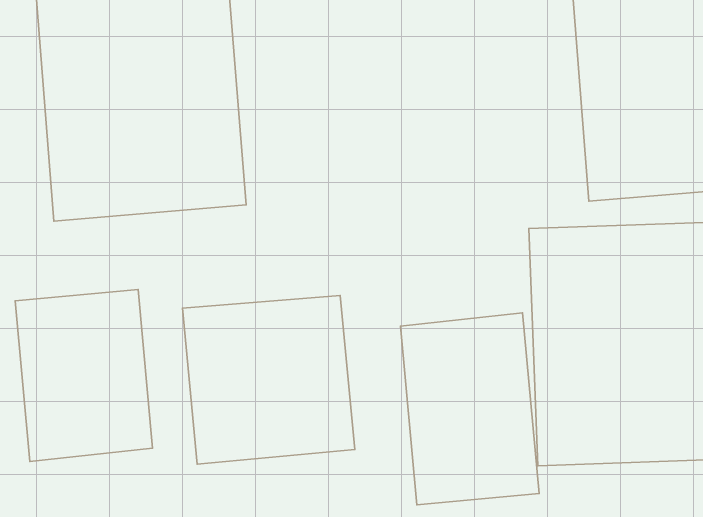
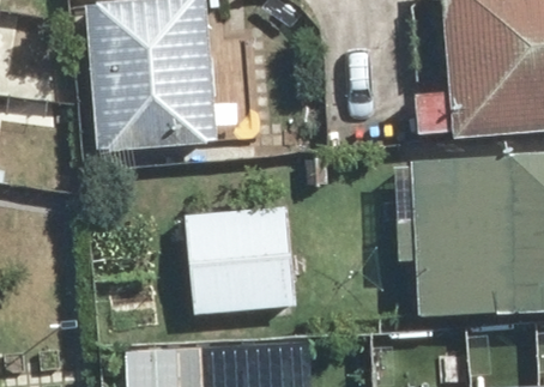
building: [15,289,153,461] -> none
building: [401,313,539,505] -> none

